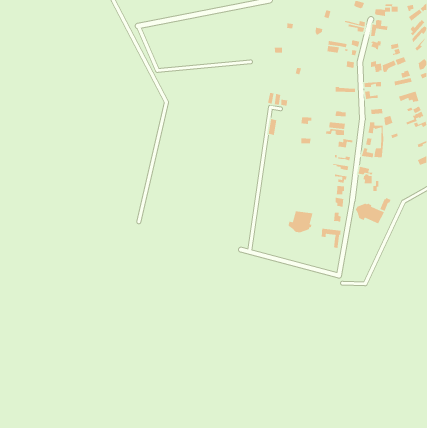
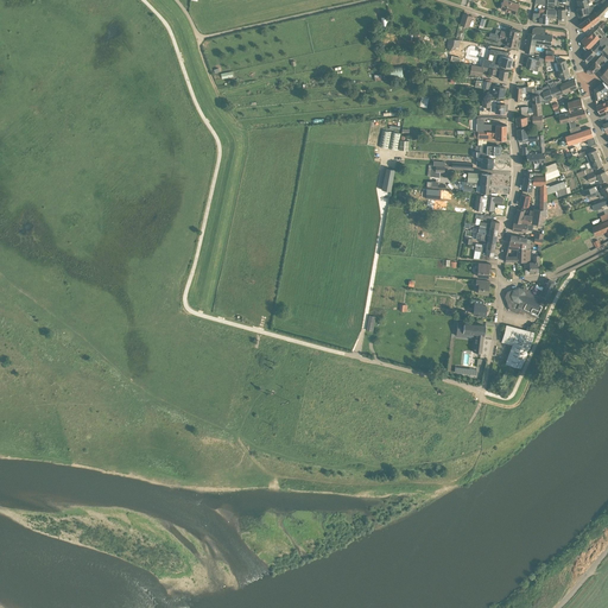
building: [288,211,313,233] -> none
building: none -> [501,325,533,368]

